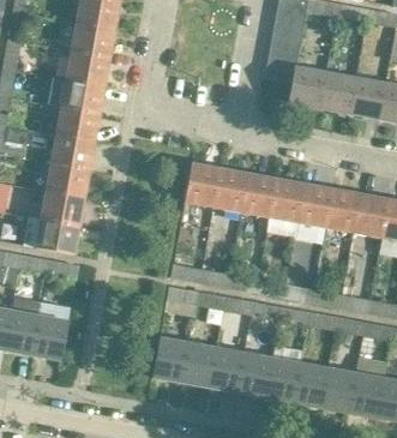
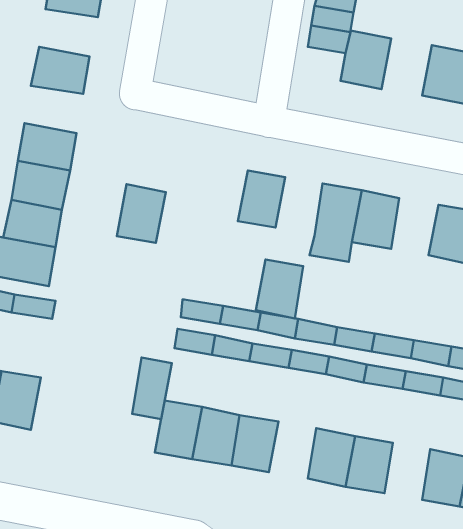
building: [66,49,109,84] -> none
building: [318,71,355,113] -> none
building: [55,106,98,140] -> none
building: [184,162,219,205] -> [117,184,166,243]
building: [240,173,275,216] -> [256,260,303,318]
building: [325,188,360,230] -> none
building: none -> [132,357,172,419]
building: [235,353,270,395] -> none
building: [320,368,354,410] -> none

